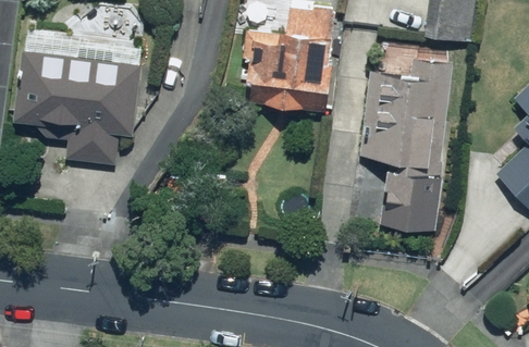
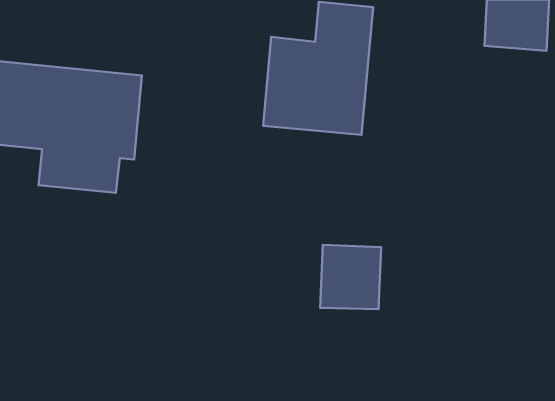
building: [361,62,450,172] -> none
building: [383,176,434,231] -> [320,245,381,309]

